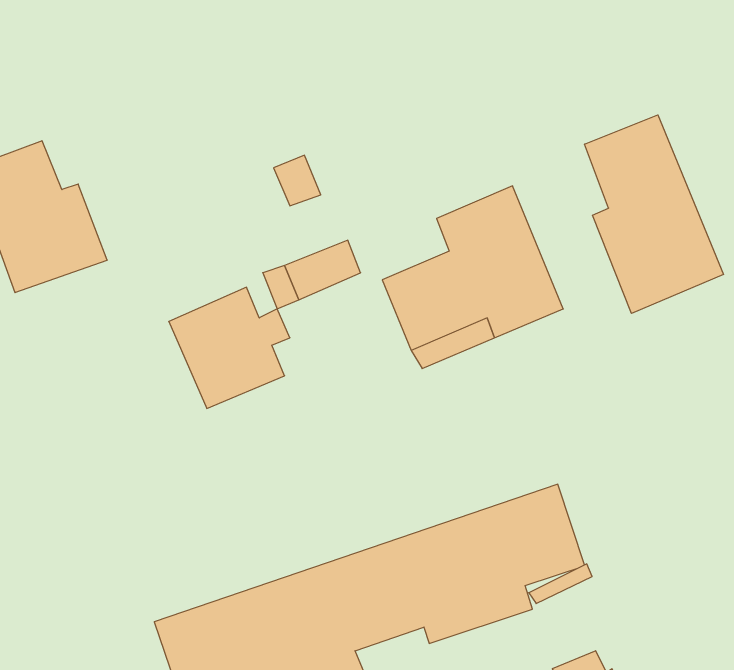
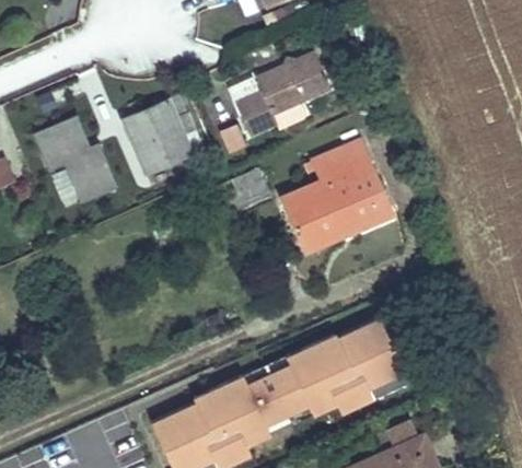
building: none -> [236,52,332,136]
building: [585,115,724,313] -> none
building: [169,287,290,408] -> [124,100,197,173]

